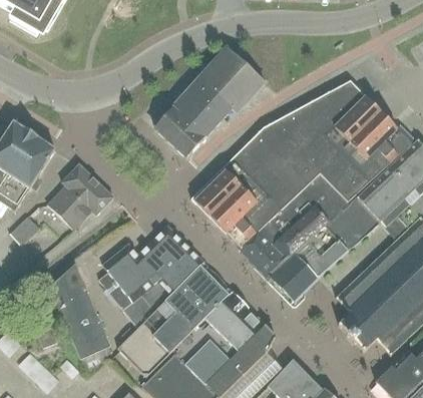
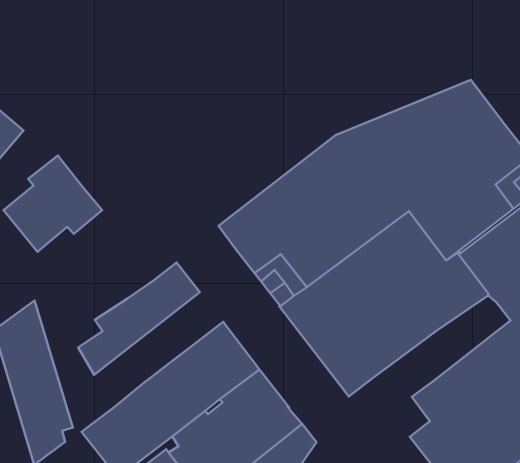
building: [155,47,267,157] -> none
building: [99,244,138,292] -> none
building: [122,245,204,329] -> none

